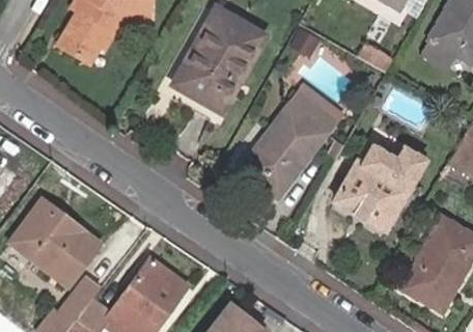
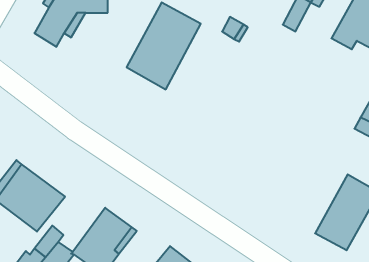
building: [242,85,340,197] -> none
building: [337,147,423,228] -> none

